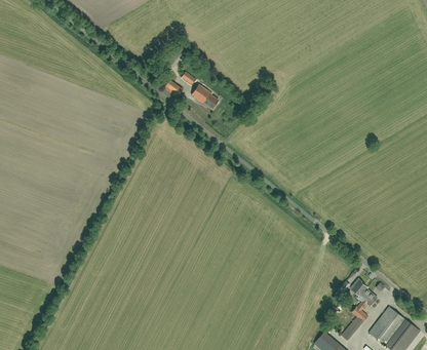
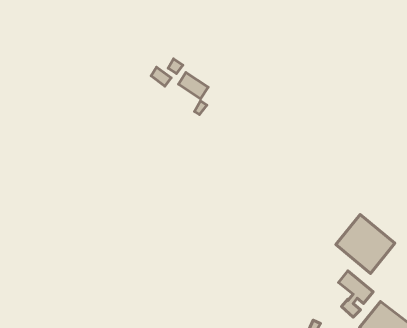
building: none -> [336,214,395,273]

